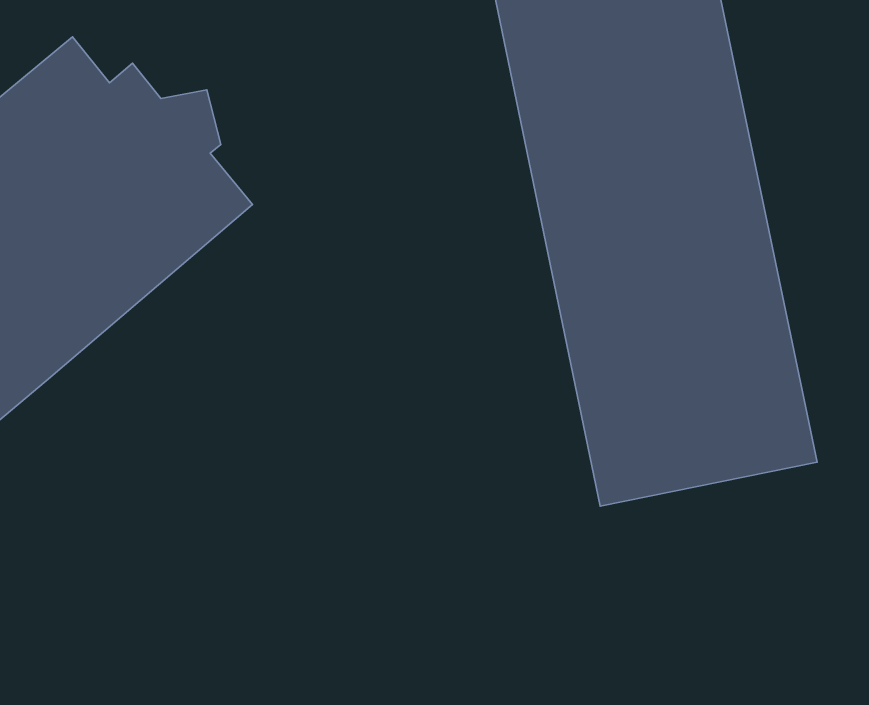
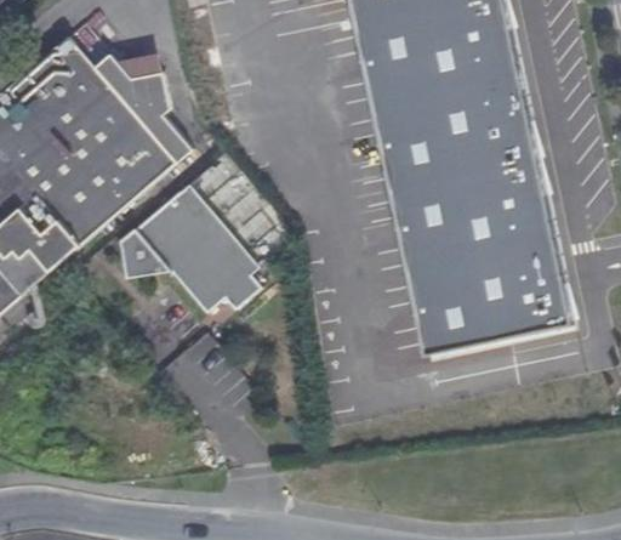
building: none -> [120,182,258,311]

